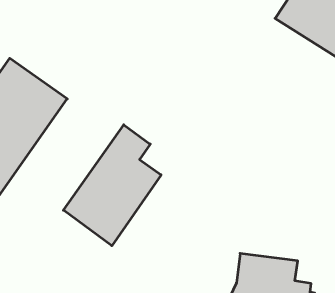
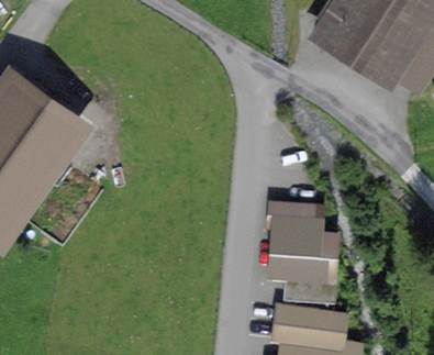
building: [63,125,161,246] -> none
building: none -> [268,206,336,304]

